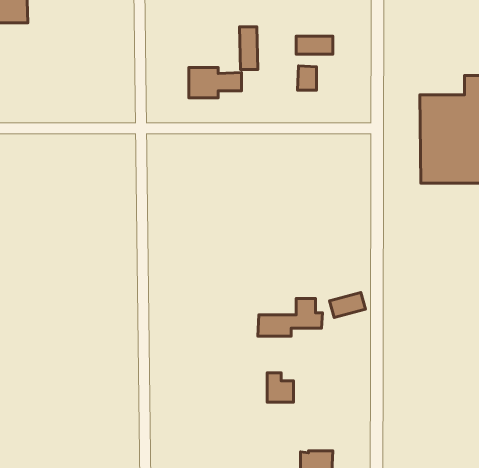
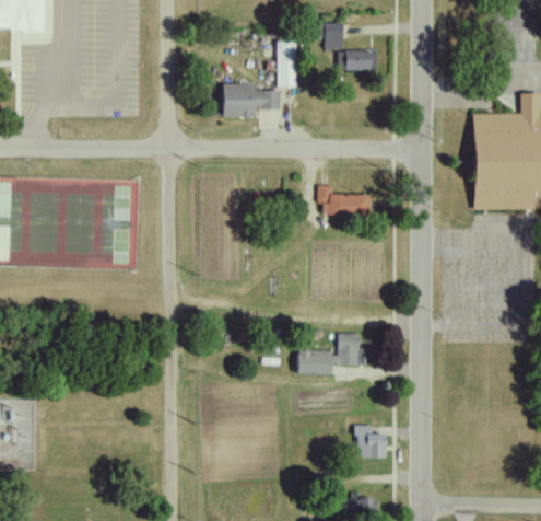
building: [297,66,317,90] -> [322,22,343,48]
building: none -> [317,184,368,216]
building: [329,293,366,318] -> none
building: [267,373,293,402] -> [357,425,386,456]

